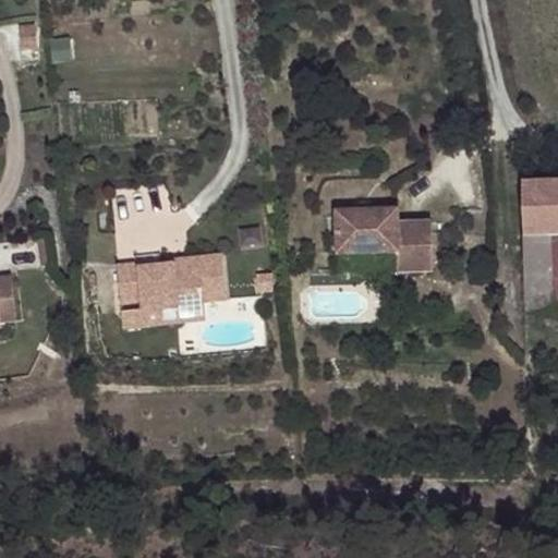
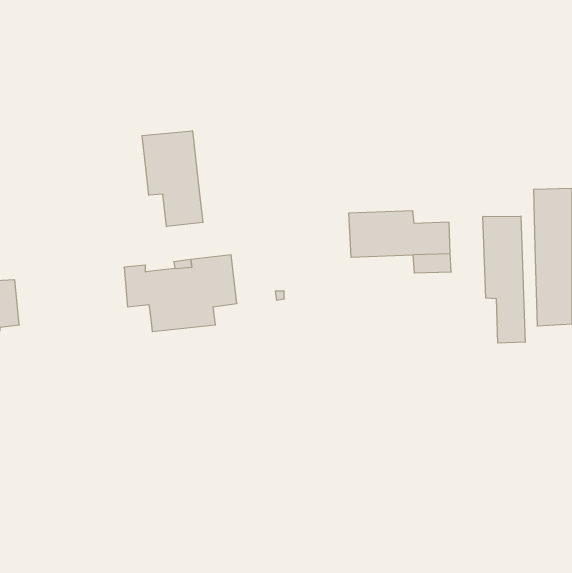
building: none -> [142,131,203,227]
building: none -> [483,216,525,343]

